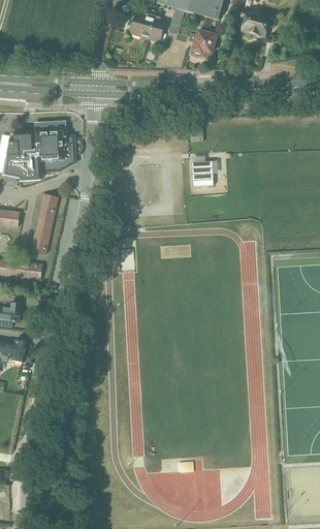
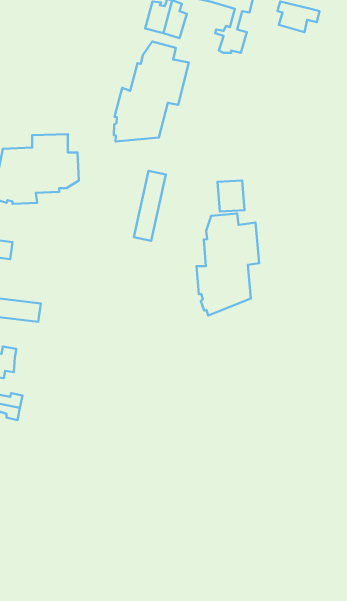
building: none -> [114,42,189,141]
building: none -> [197,214,259,316]
building: [30,194,57,253] -> [134,171,166,241]

